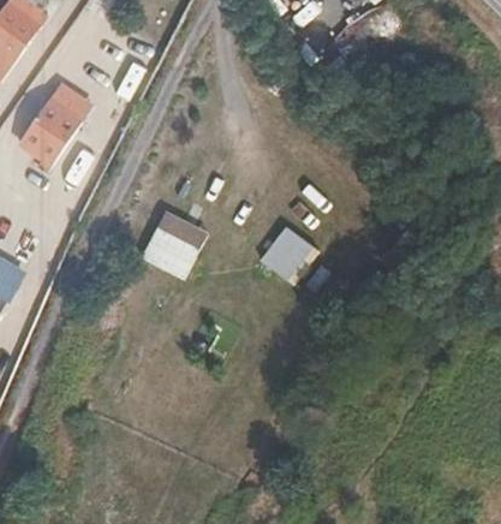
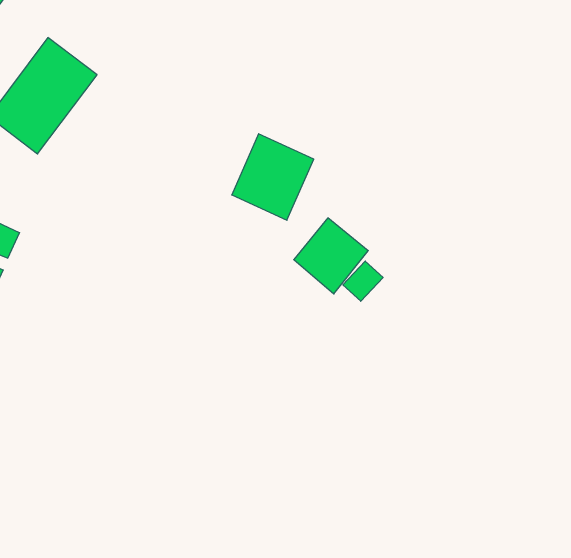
building: [141,209,207,279] -> [232,134,314,220]

